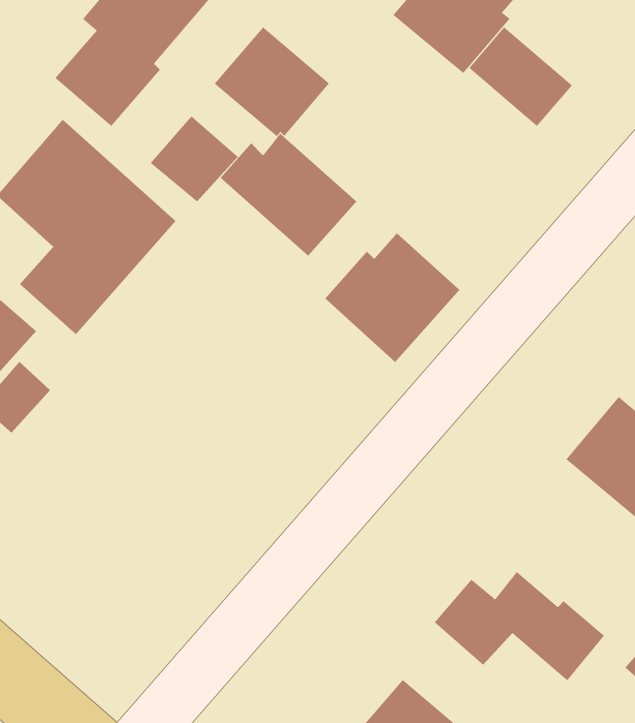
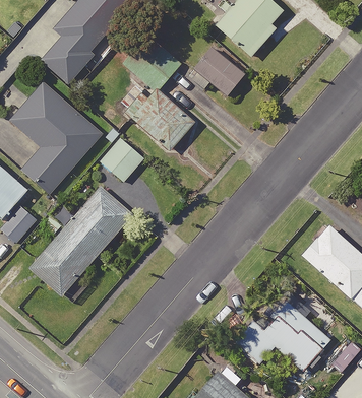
building: [469,26,573,127] -> [193,47,247,98]
building: [150,116,238,202] -> [100,136,145,181]
building: [325,232,460,363] -> none
building: none -> [27,186,132,296]

